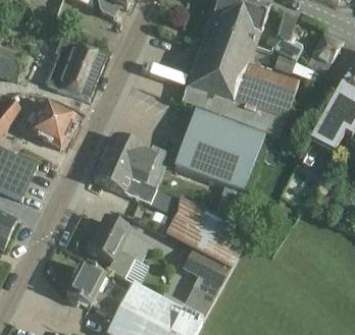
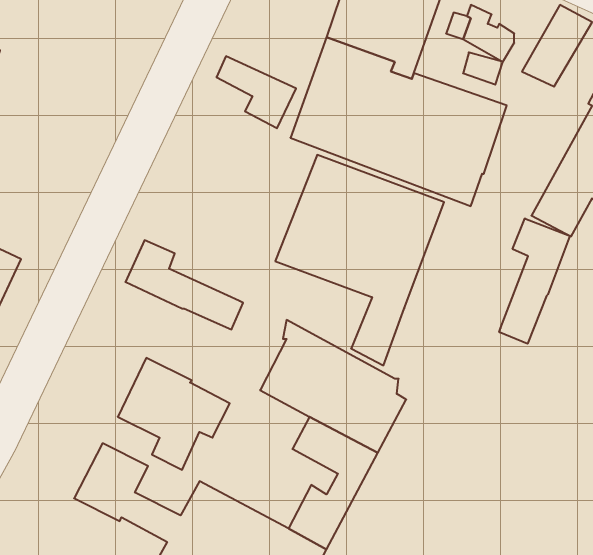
building: [45,39,106,98] -> none
building: [30,100,75,147] -> none
building: [103,132,164,187] -> none
building: none -> [499,218,570,344]

